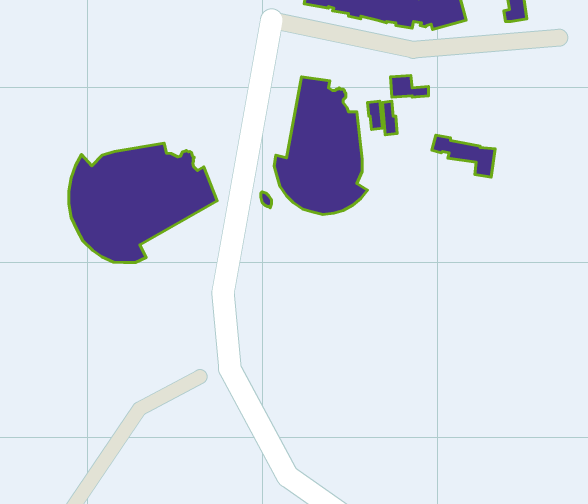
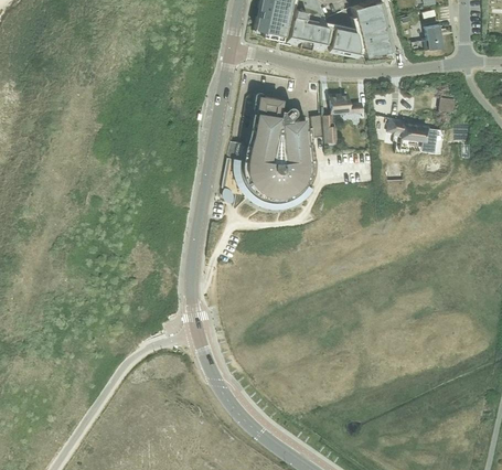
building: [432,135,495,177] -> [388,118,440,152]
building: [69,143,217,263] -> none

